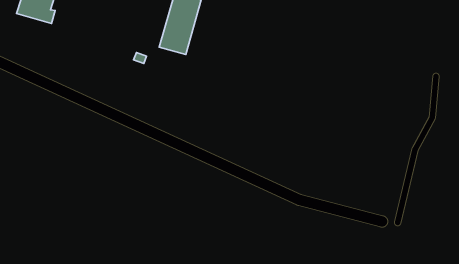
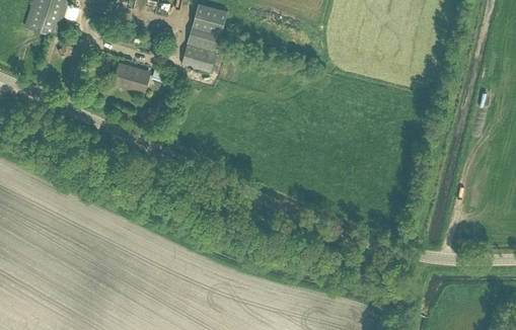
building: none -> [113,64,150,95]

